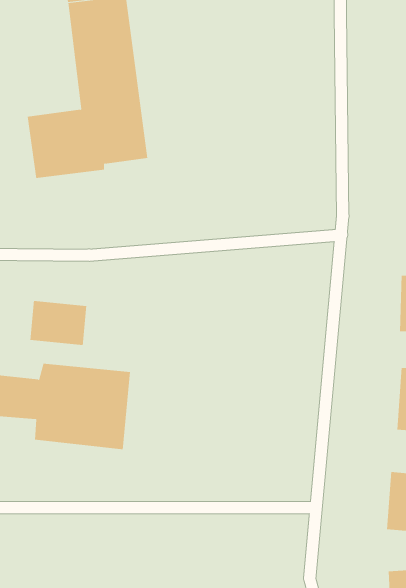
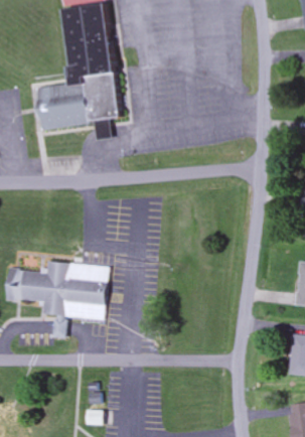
building: [30,300,87,346] -> none

